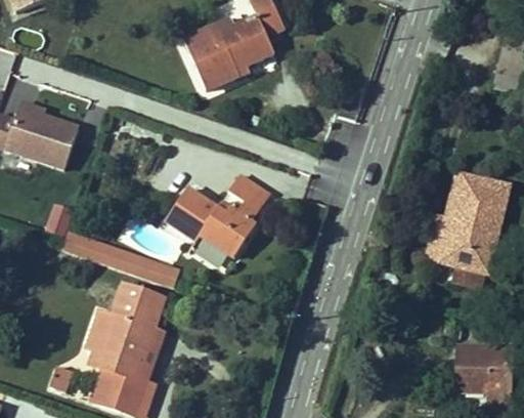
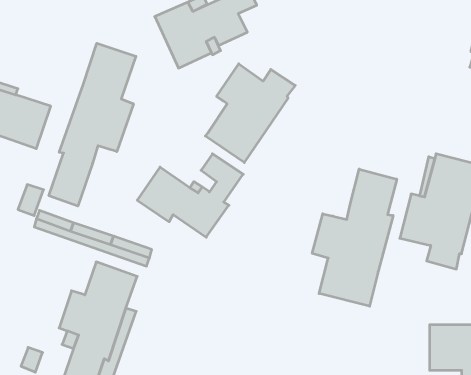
building: none -> [49,43,136,206]
building: none -> [205,64,295,163]
building: none -> [312,169,397,306]

